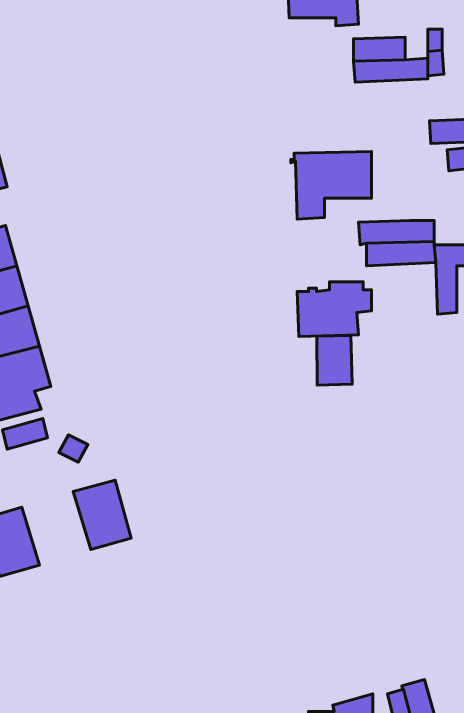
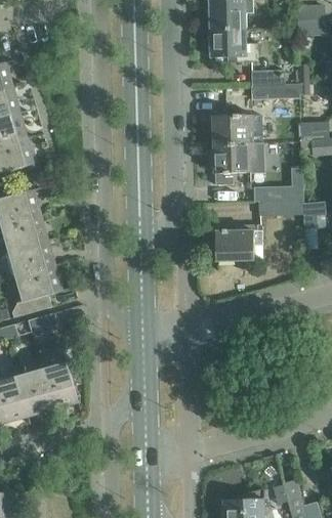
building: none -> [214,114,263,143]
building: [317,336,352,385] -> none
building: [73,480,131,550] -> [41,361,78,405]

